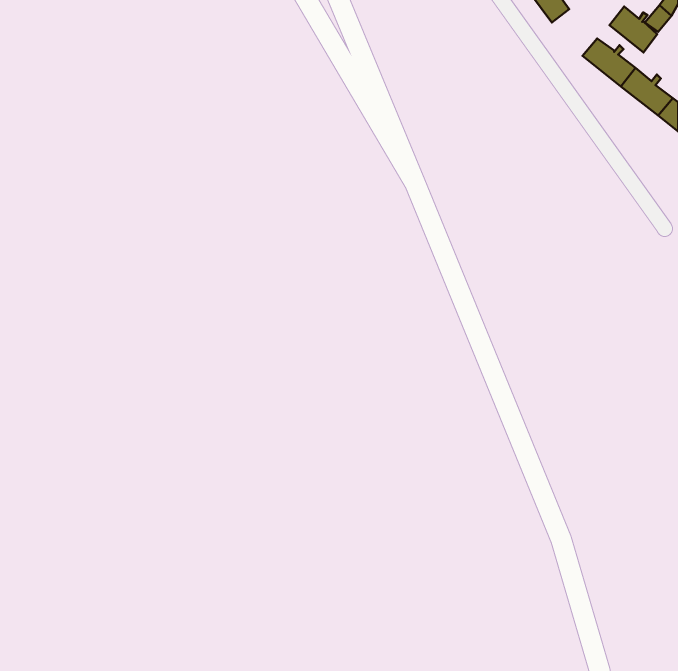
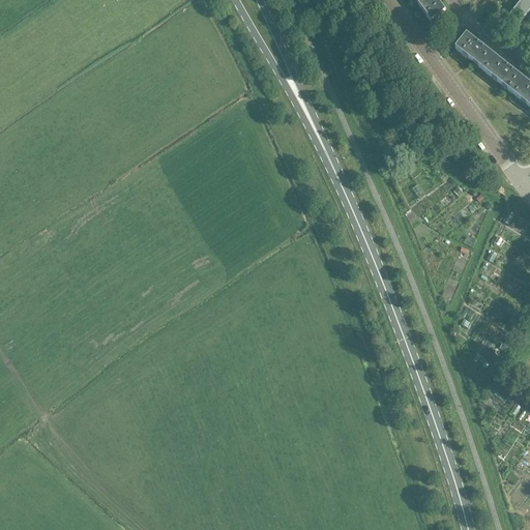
building: [609,7,657,52] -> none

